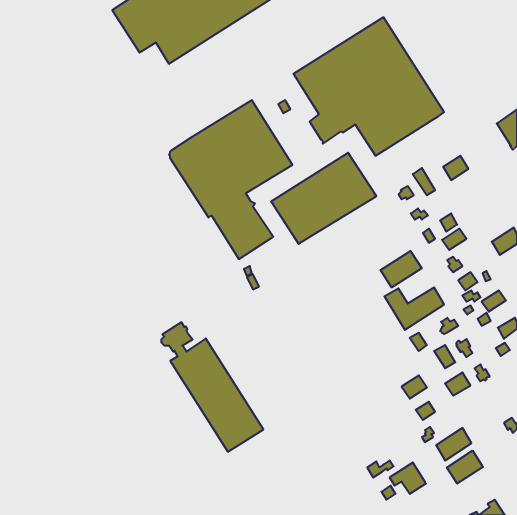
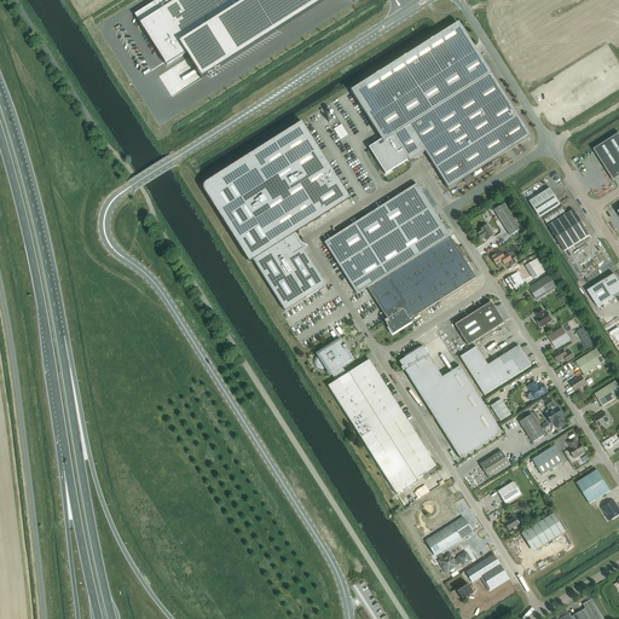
building: none -> [548,208,590,249]
building: none -> [366,235,475,332]
building: none -> [399,345,502,457]
building: [161,322,263,452] -> [316,337,438,492]
building: none -> [577,468,611,502]
building: none -> [426,515,473,554]
building: [447,451,483,484] -> none

